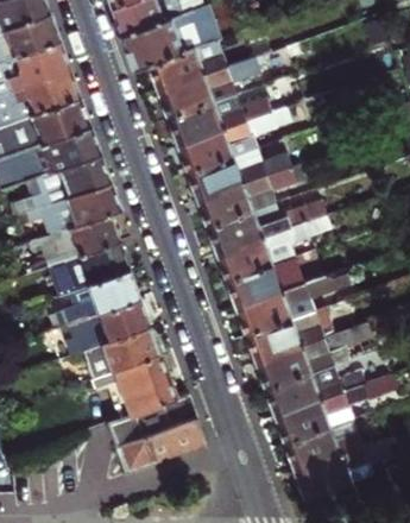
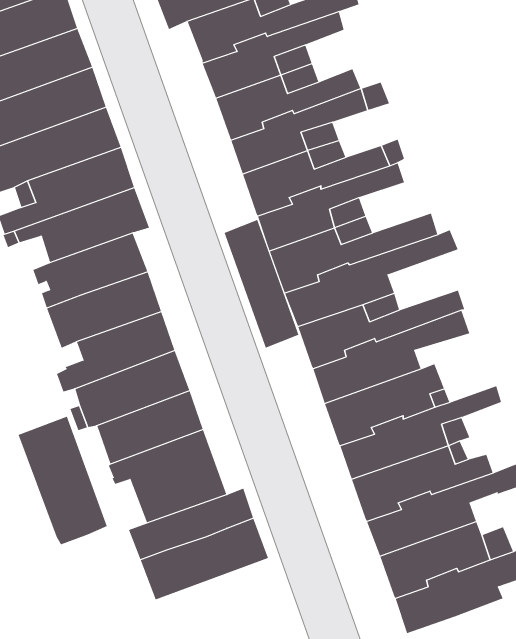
building: none -> [224,219,299,349]
building: none -> [18,416,108,545]

